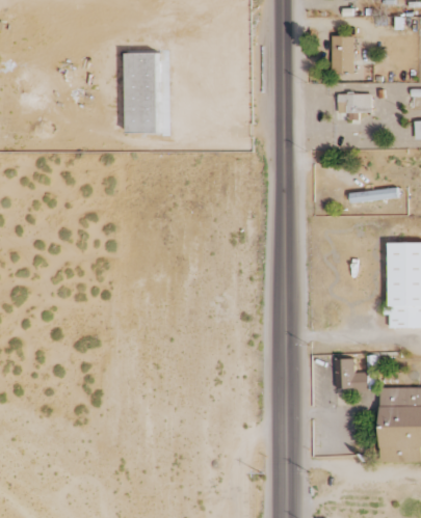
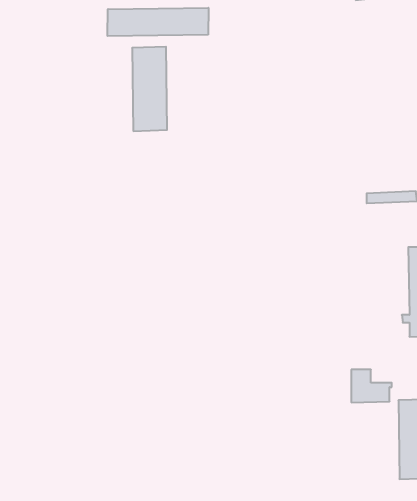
building: none -> [108,8,208,36]
building: [333,35,356,74] -> none
building: [339,93,372,119] -> none

